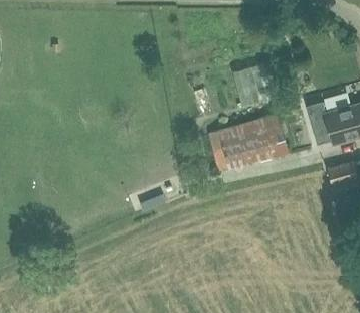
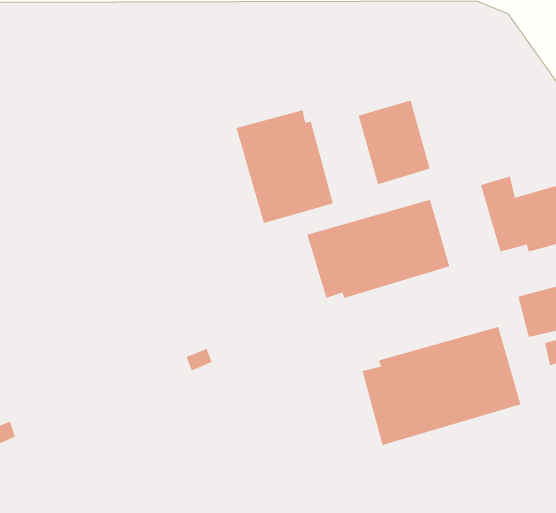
building: none -> [236,109,334,224]
building: none -> [362,326,521,446]

